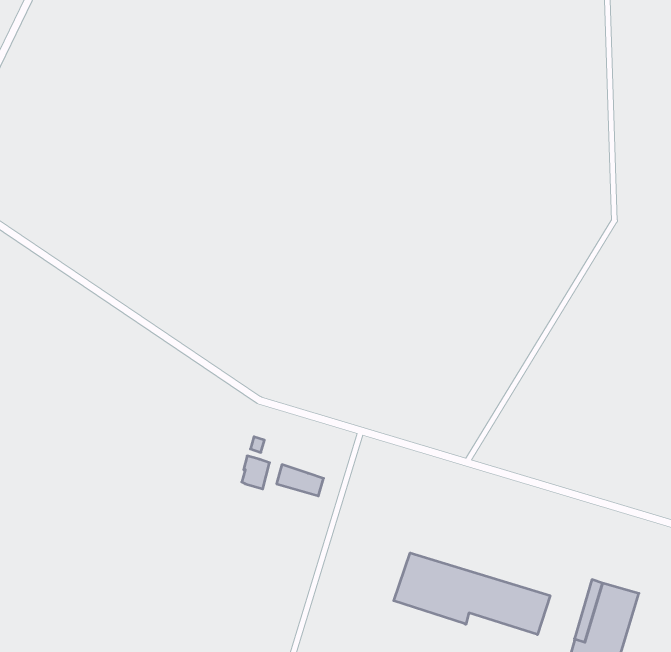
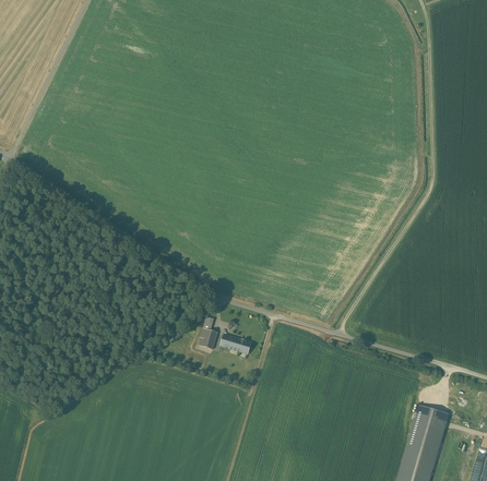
building: [394,553,550,635] -> none

